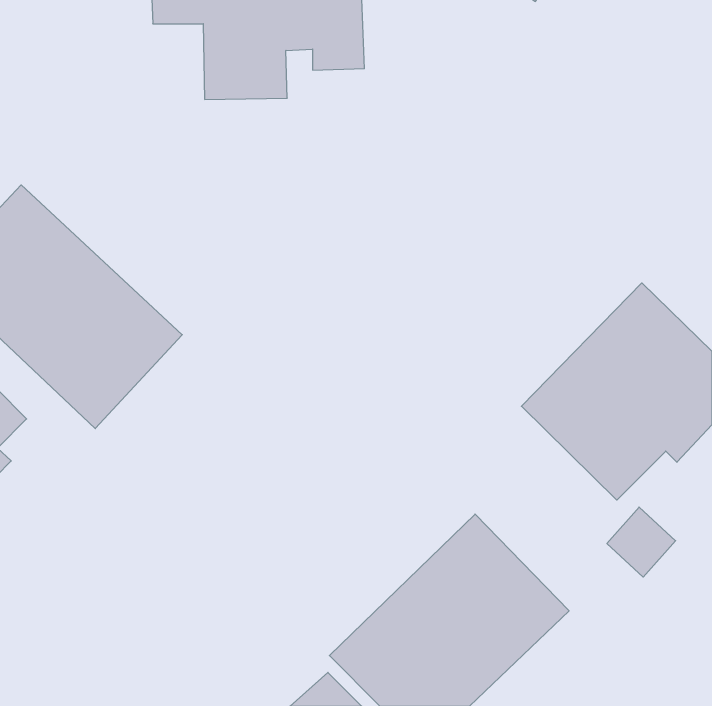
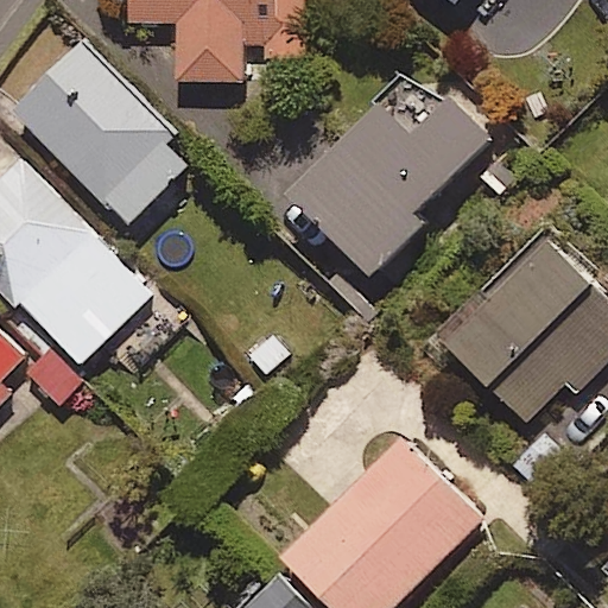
building: none -> [12,42,185,224]
building: none -> [285,66,487,279]

